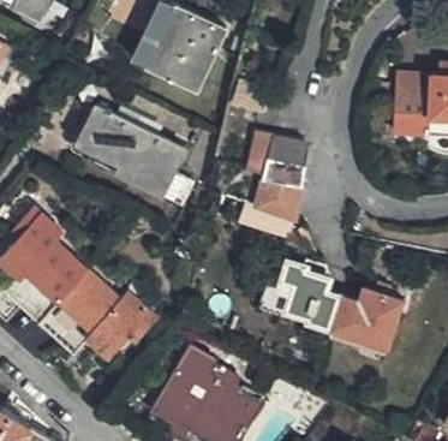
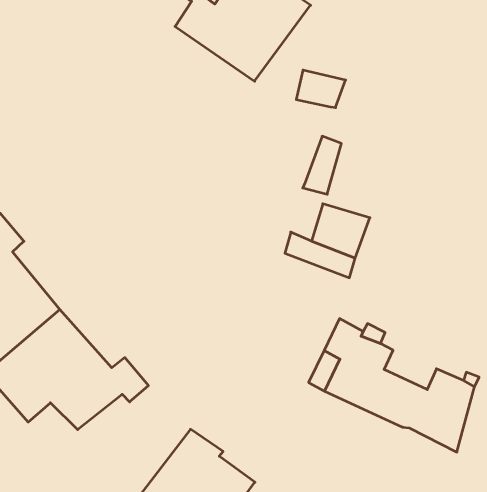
building: [77,105,181,191] -> none
building: [264,132,306,183] -> none

